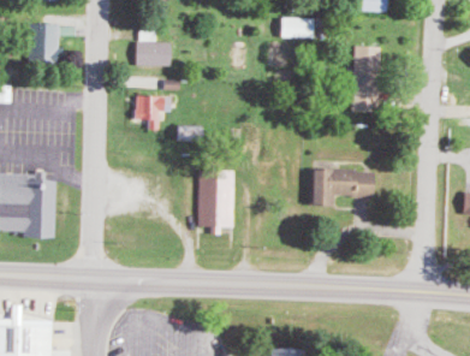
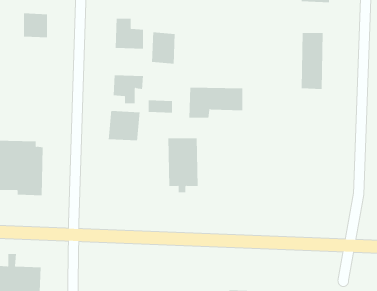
building: [281,19,314,40] -> none
building: none -> [152,31,175,65]
building: none -> [108,110,140,141]
building: [310,170,374,206] -> [188,87,243,118]

